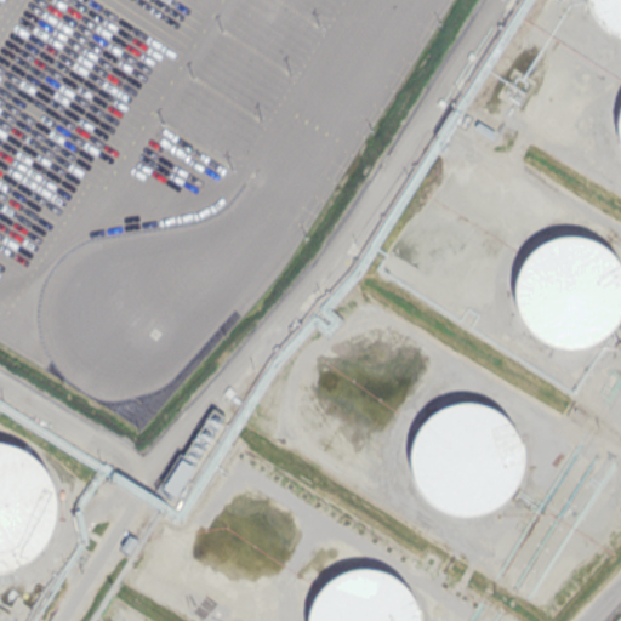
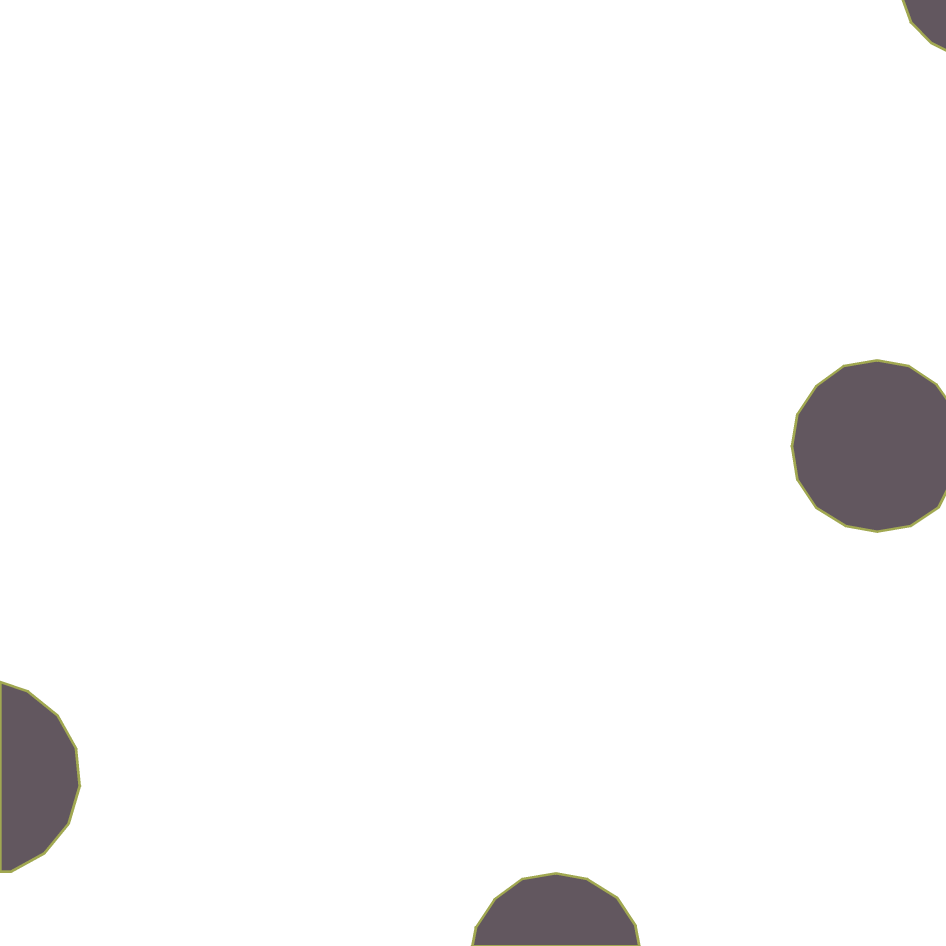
building: [411,403,523,514] -> none

